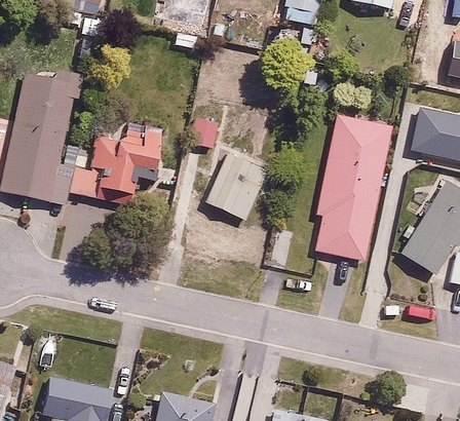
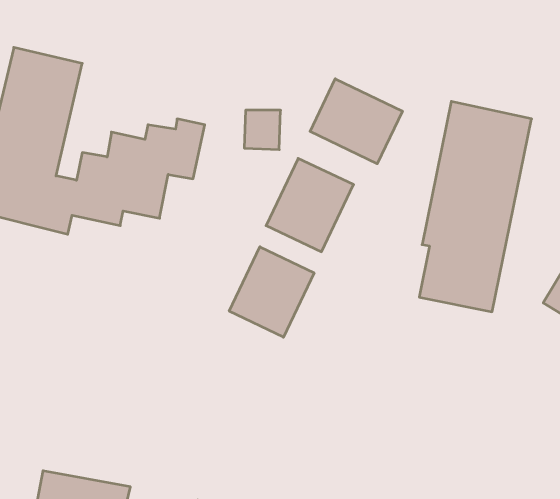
building: none -> [310,79,402,164]
building: none -> [229,247,314,337]

